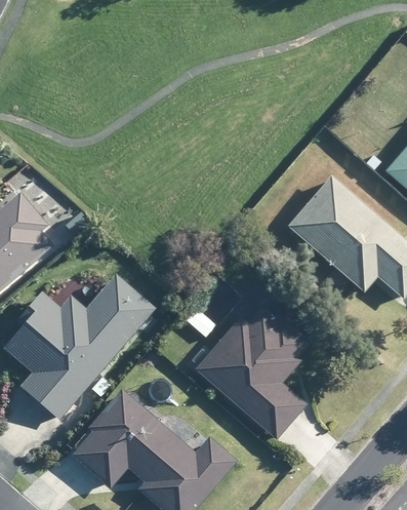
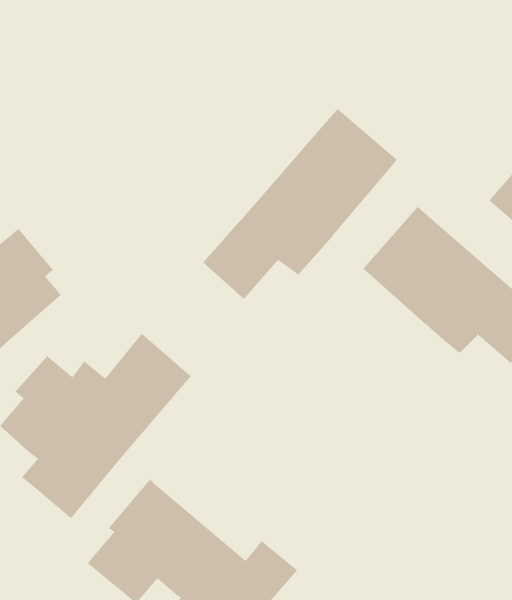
building: none -> [203,108,398,300]
building: [196,307,309,439] -> none

